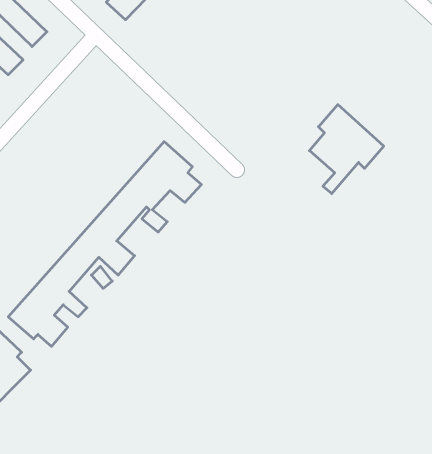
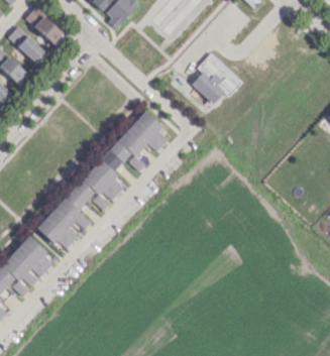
building: [309,105,384,194] -> [192,53,242,114]

